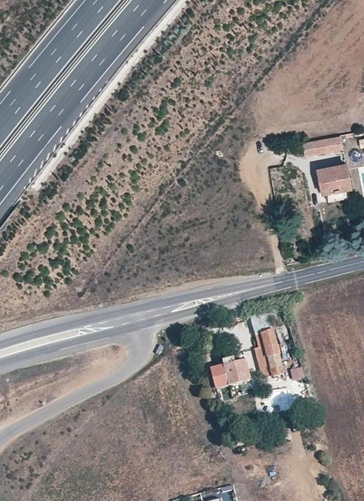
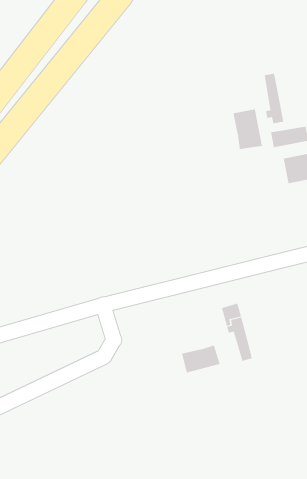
building: none -> [264,73,284,124]
building: none -> [233,108,262,150]

